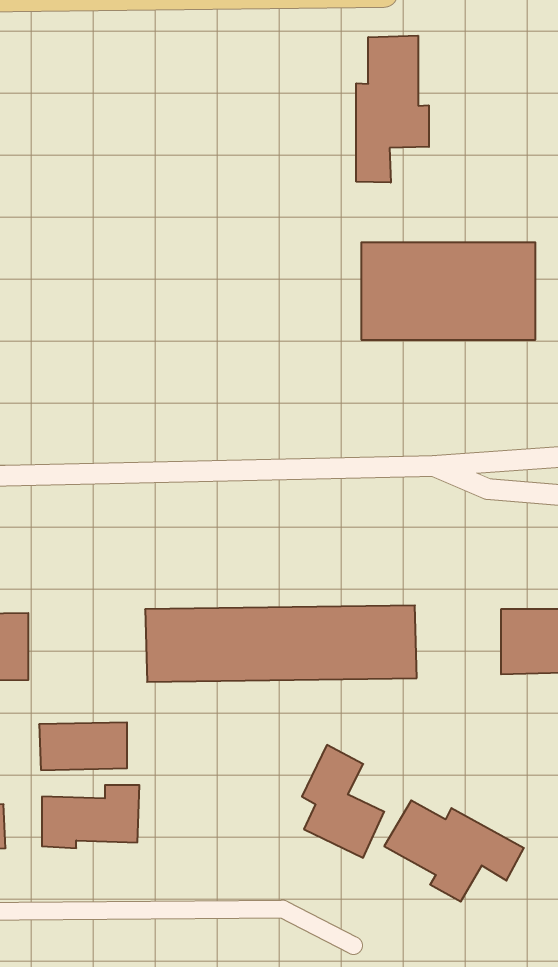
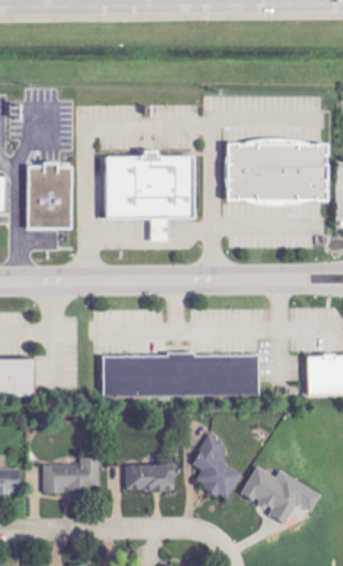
building: [356,36,429,183] -> none
building: none -> [105,149,195,241]
building: none -> [25,164,71,228]
building: [39,722,127,770] -> [124,463,175,491]

